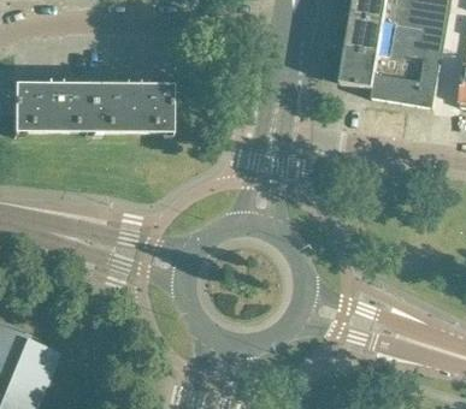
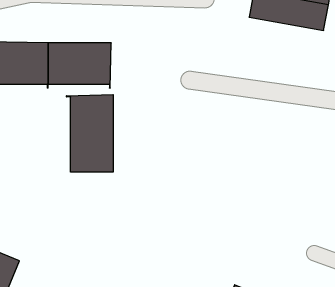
building: [338,48,438,108] -> none
building: none -> [67,95,113,172]

